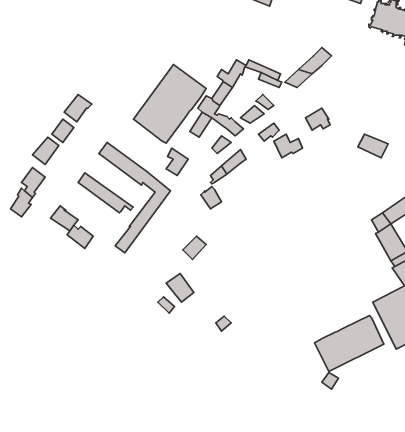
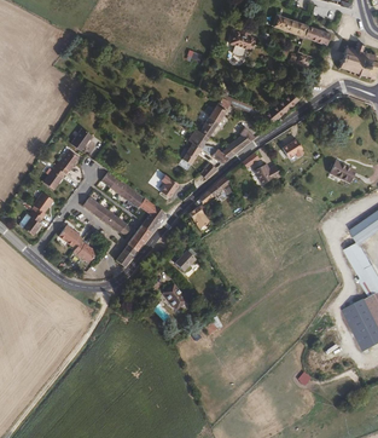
building: [133,65,206,143] -> none
building: [315,315,384,372] -> none

